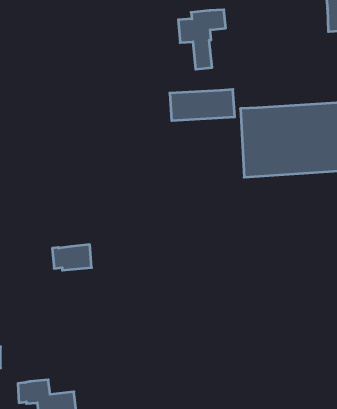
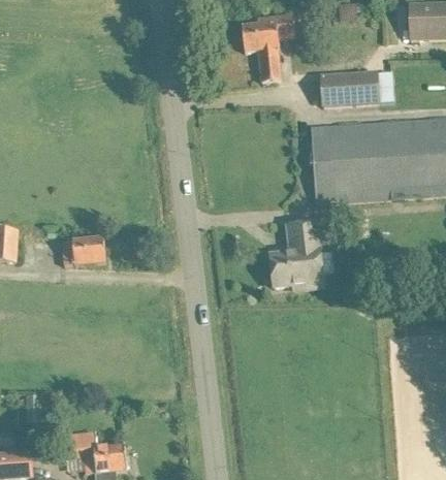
building: [170,89,235,121] -> [320,71,393,106]
building: none -> [268,221,323,288]
building: [52,245,92,270] -> [60,236,104,265]

